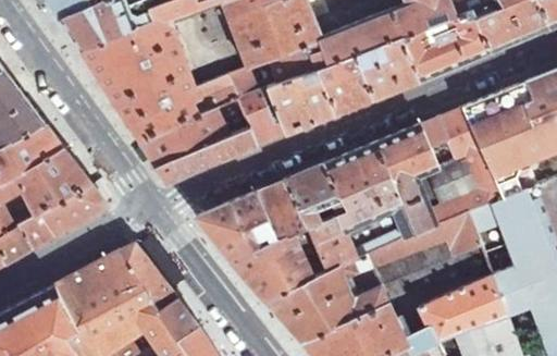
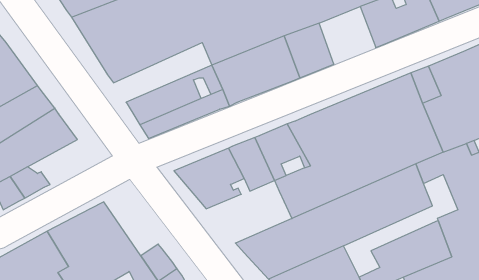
building: [358,35,421,99] -> none
building: [128,75,238,142] -> none
building: [33,183,107,233] -> none
building: [232,229,327,298] -> none
building: [117,243,178,312] -> none

